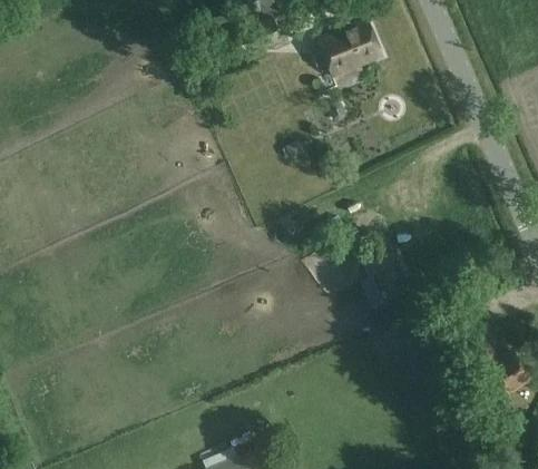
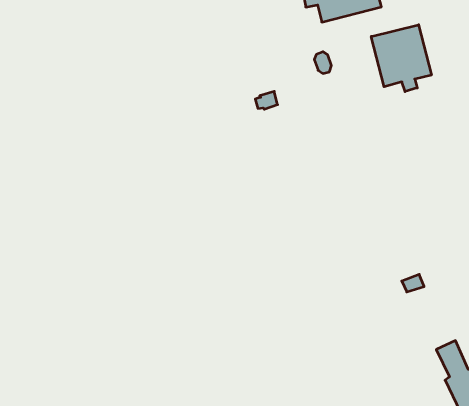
building: none -> [371,25,431,92]

